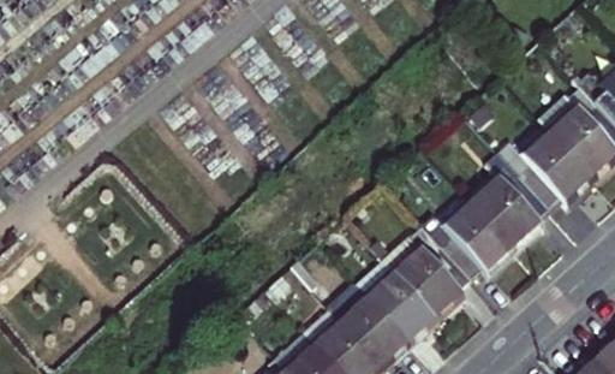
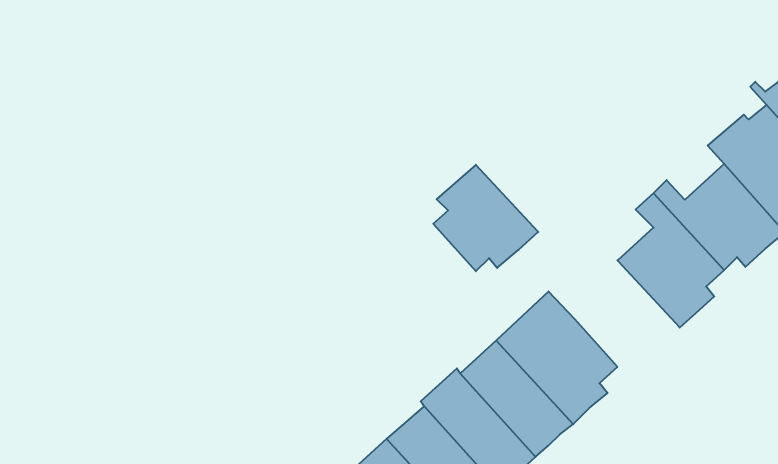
building: [442,198,519,277] -> [433,165,538,271]

